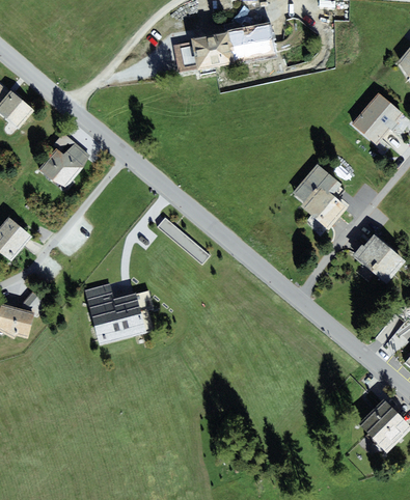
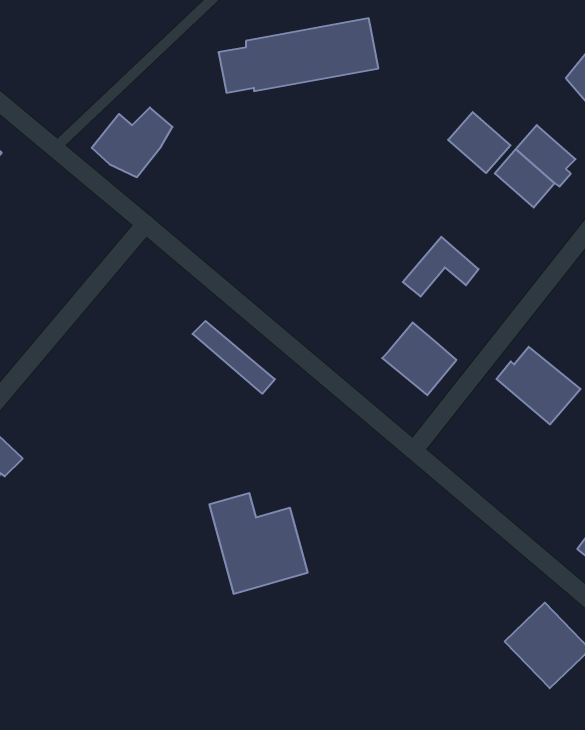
building: none -> [448,112,511,173]
building: [37,142,89,187] -> [92,107,173,177]
building: [299,183,347,229] -> [382,322,456,395]
building: [83,281,146,345] -> [209,493,308,594]

